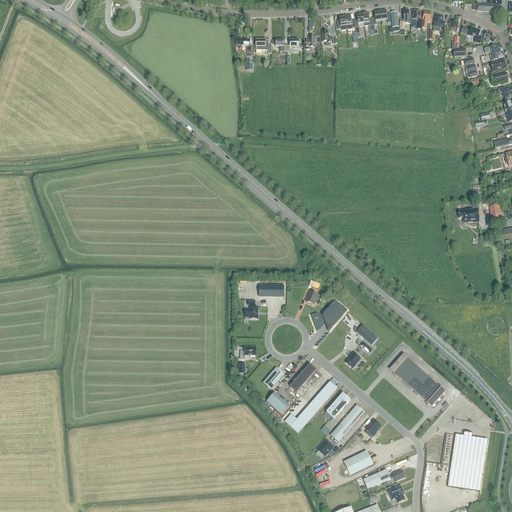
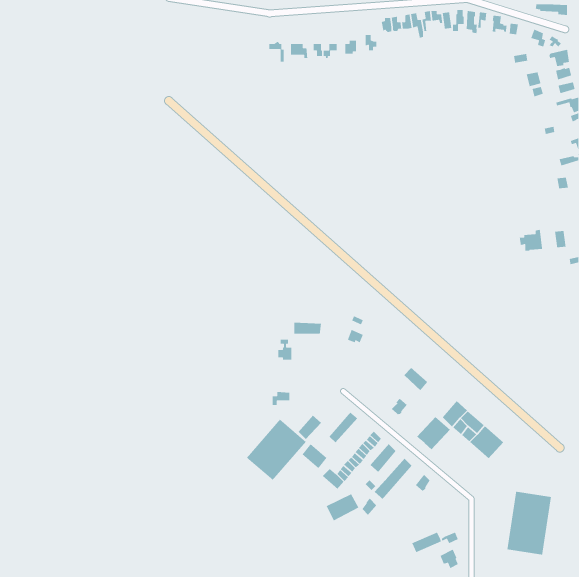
building: [311,299,347,330] -> none
building: none -> [416,416,451,450]
building: none -> [246,418,307,481]
building: [343,450,373,475] -> [325,493,359,522]

